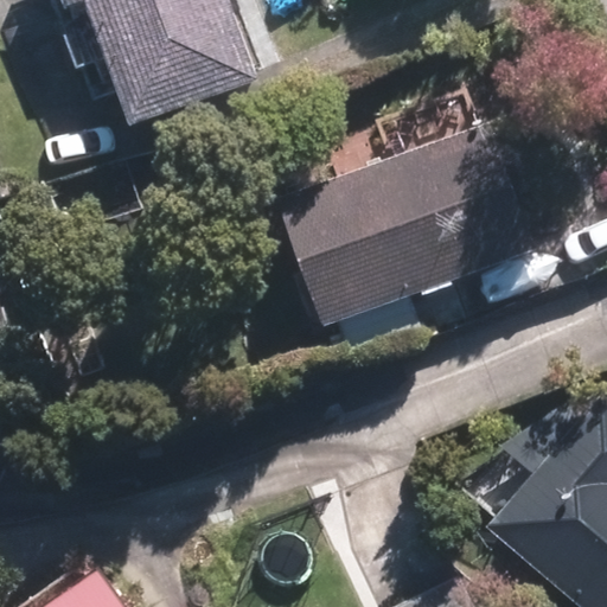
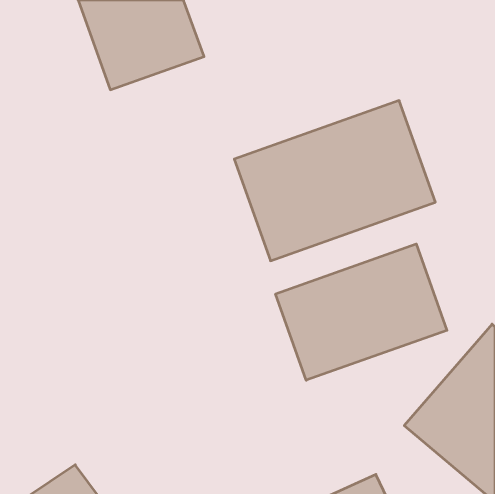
building: none -> [276,244,447,380]

